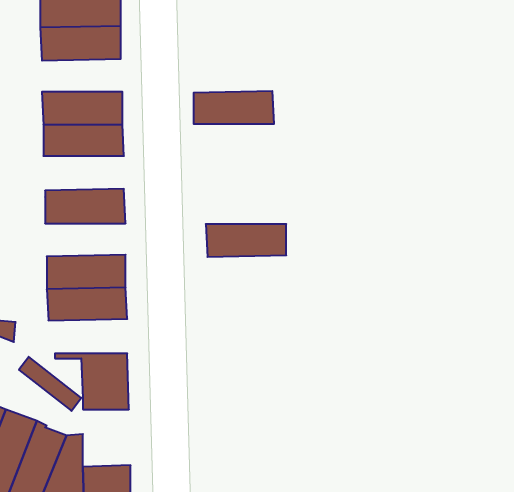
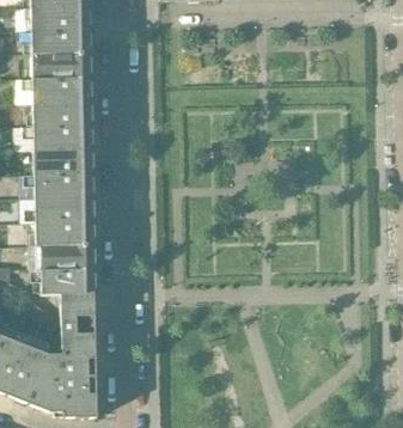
building: [194,91,274,124] -> [32,77,91,100]
building: none -> [33,147,92,172]
building: [206,224,286,257] -> [35,196,93,220]
building: none -> [37,265,94,291]
building: none -> [62,331,97,373]

